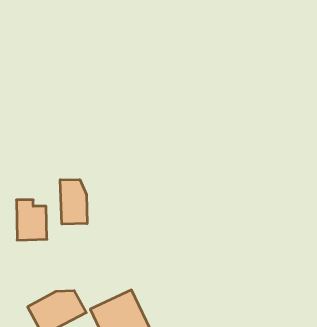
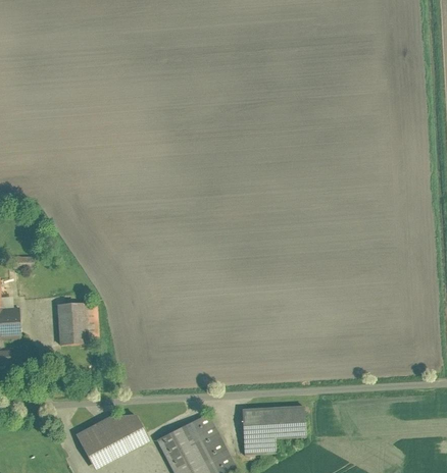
building: [60,180,87,224] -> none
building: none -> [240,405,304,451]

